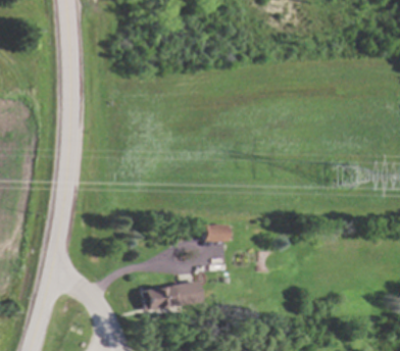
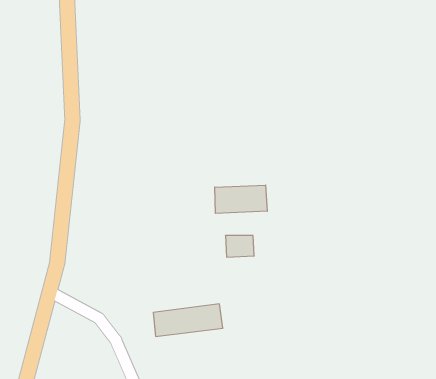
building: none -> [215,185,267,213]

